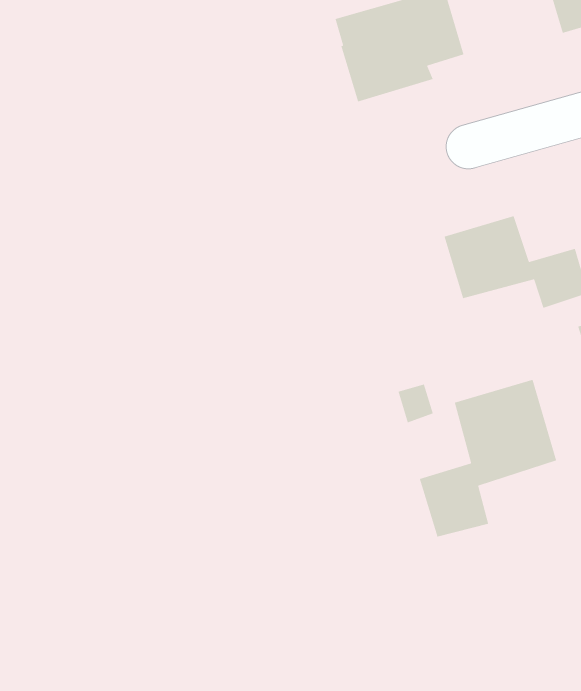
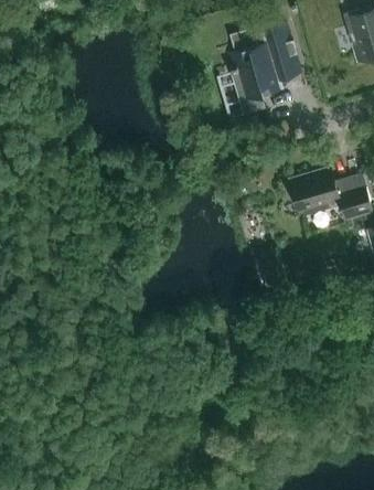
building: [419,379,557,538] -> none

